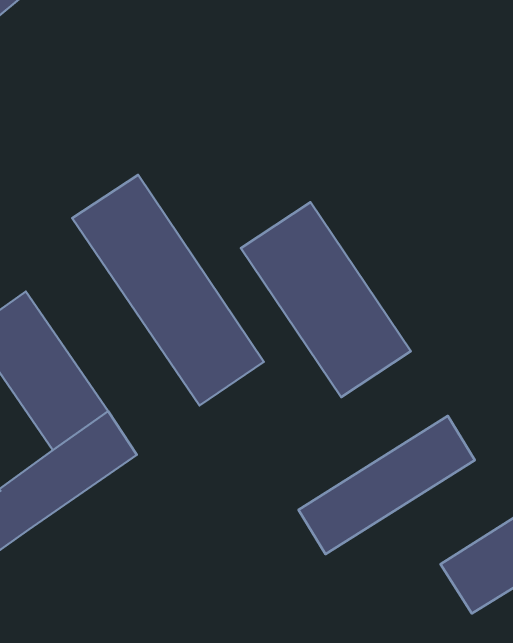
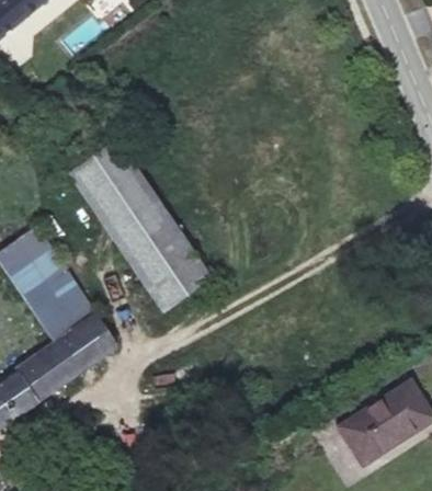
building: [241,202,411,397] -> none
building: [299,416,475,554] -> none

